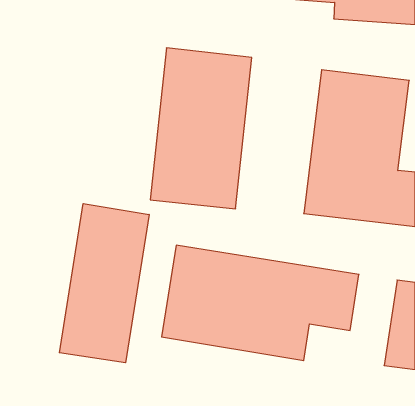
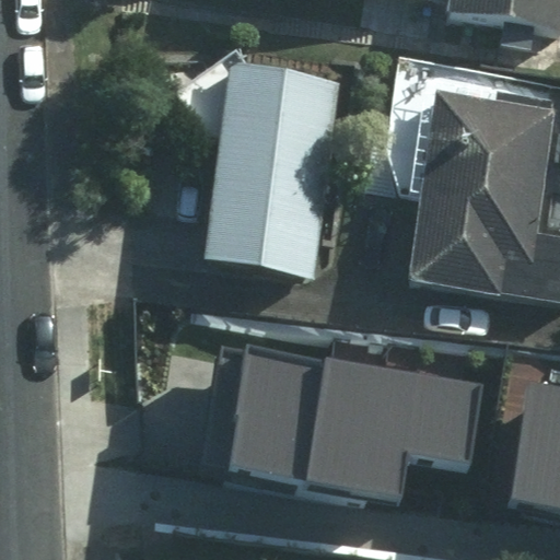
building: [59,204,149,363] -> none

